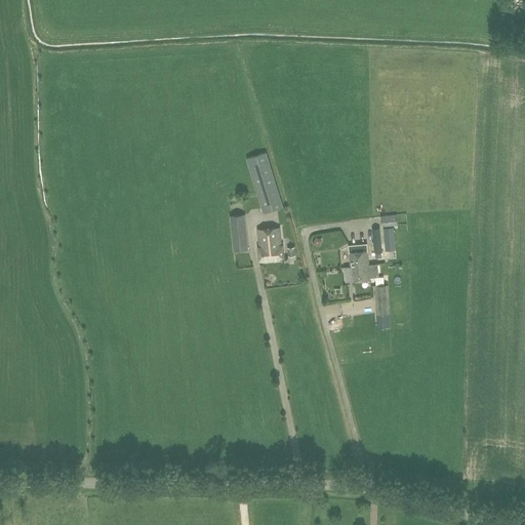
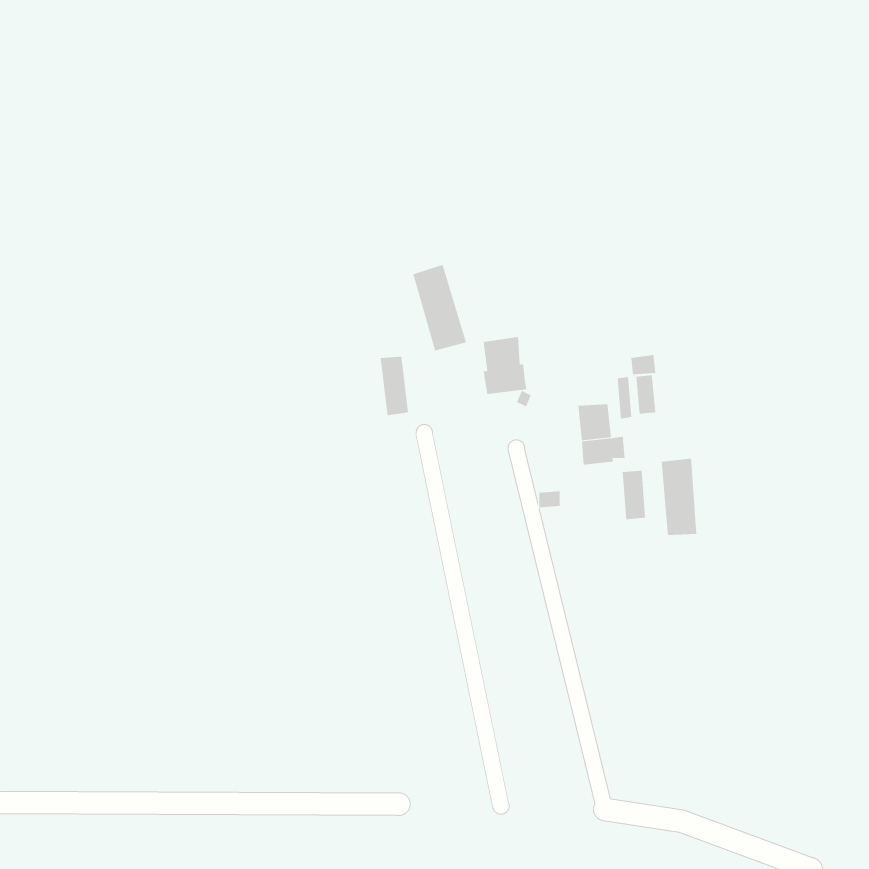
building: [256,226,283,260] -> [483,337,527,395]
building: none -> [661,458,697,536]

